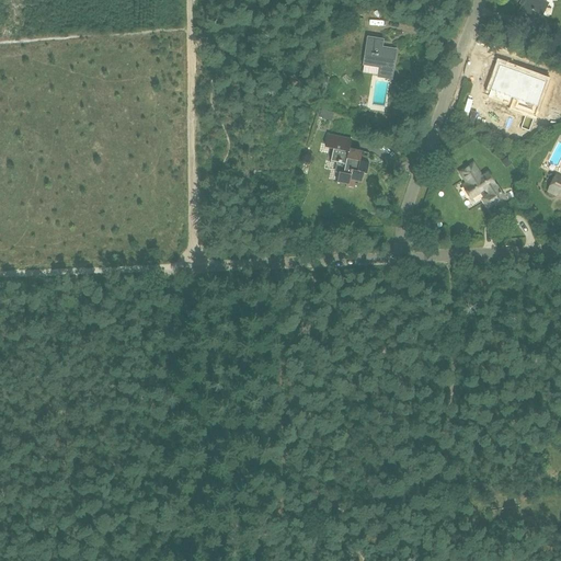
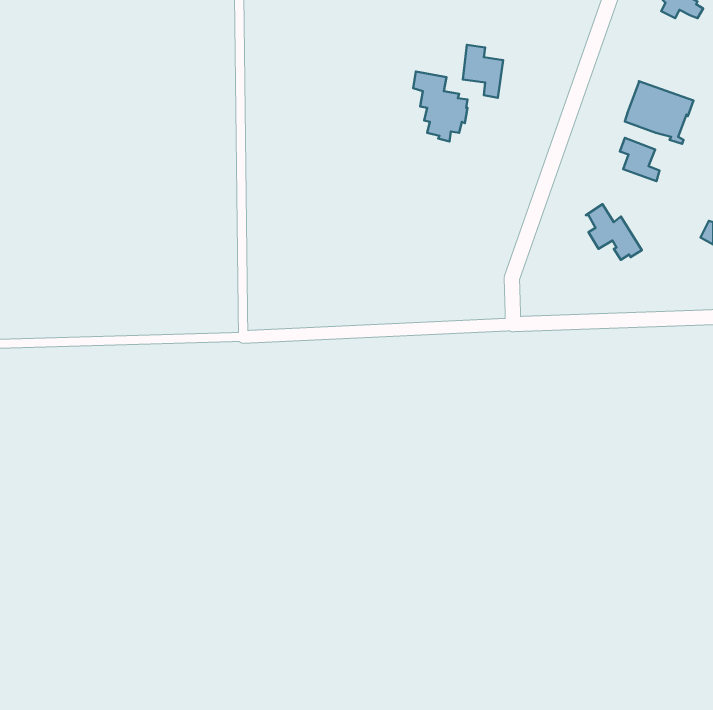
building: none -> [620,138,660,181]
building: [324,131,367,186] -> [413,72,468,141]

